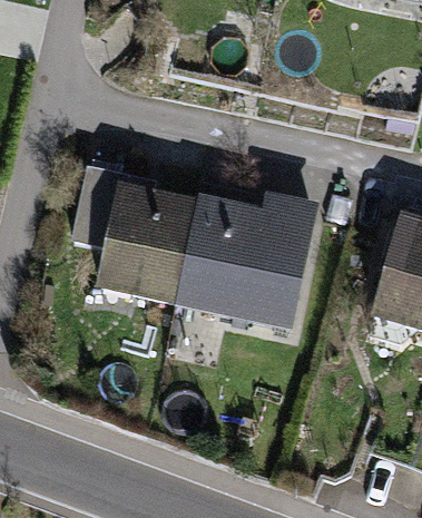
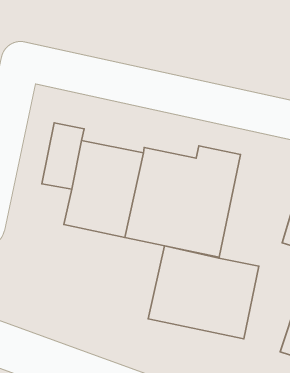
building: none -> [148,246,259,339]

